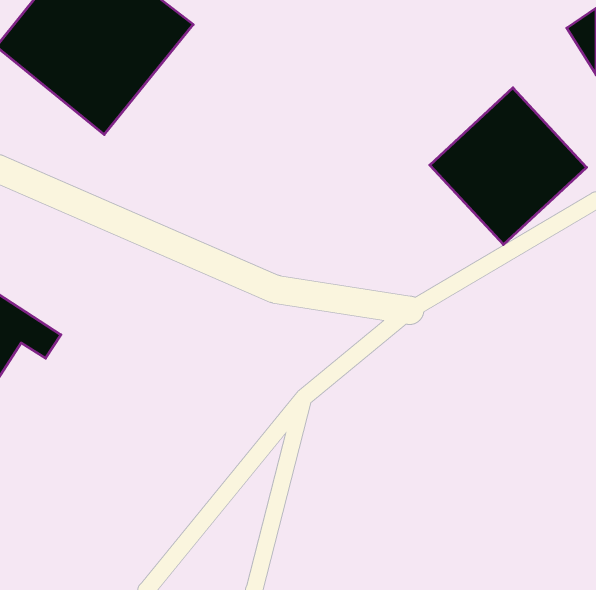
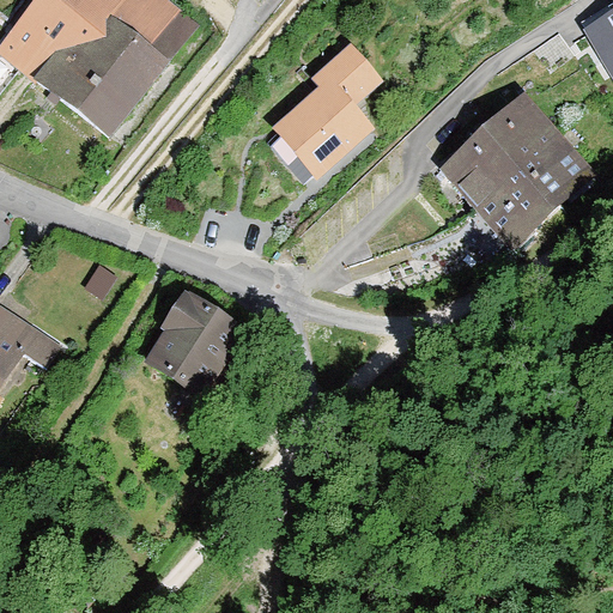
building: none -> [269,42,382,178]
building: none -> [142,289,248,400]

